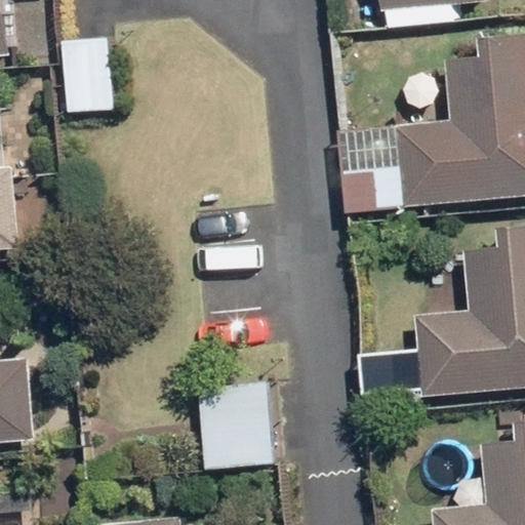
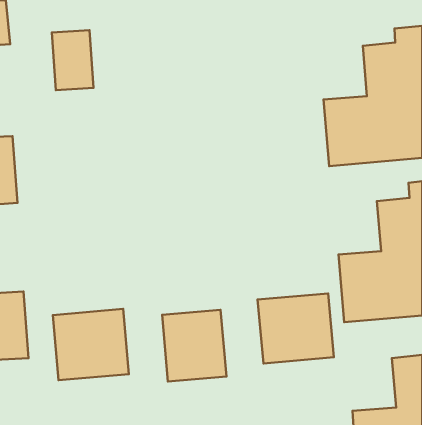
building: none -> [258,293,334,363]
building: none -> [53,309,129,380]

